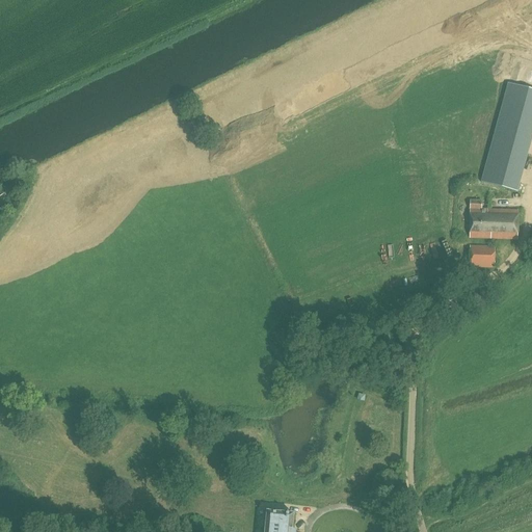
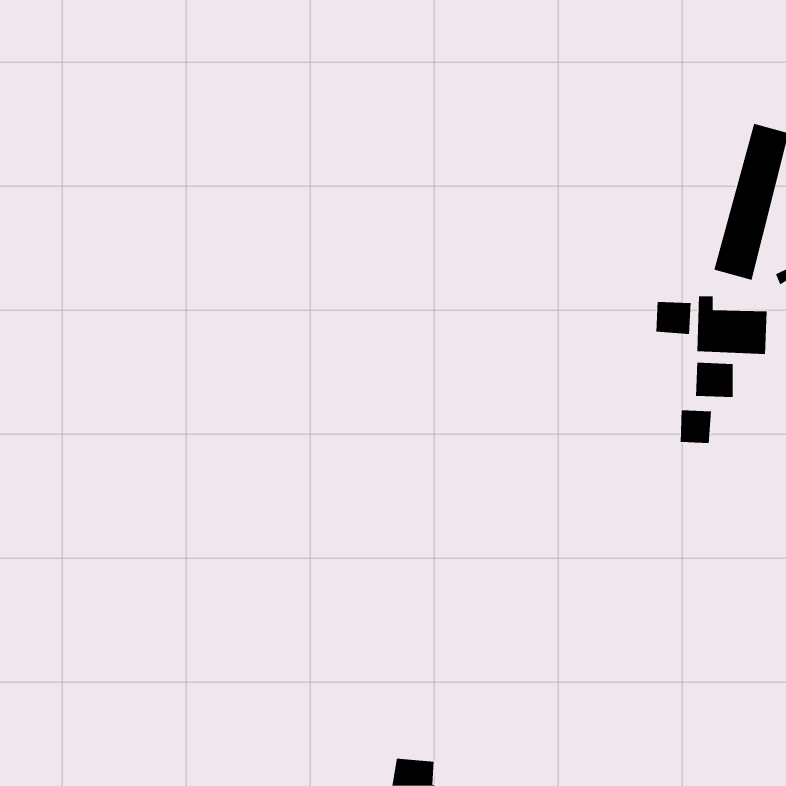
building: none -> [656,301,691,335]
building: none -> [680,409,711,444]

